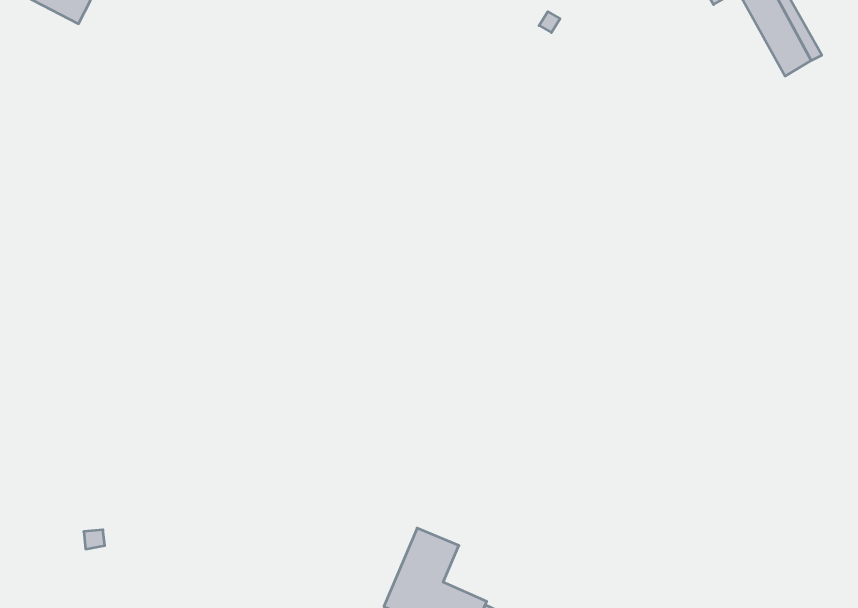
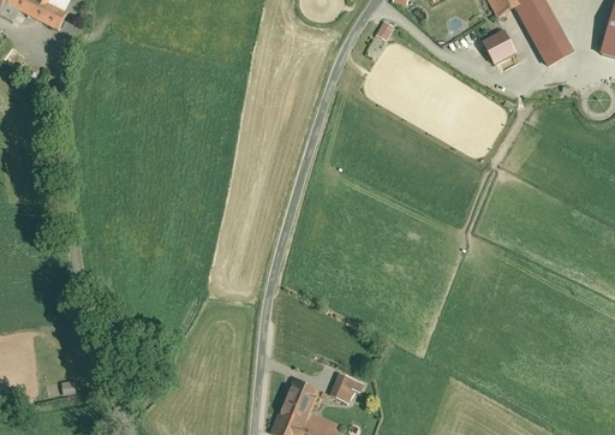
building: none -> [480,30,514,64]
building: none -> [329,370,364,401]

